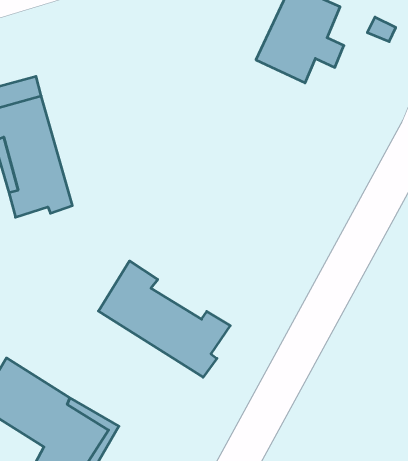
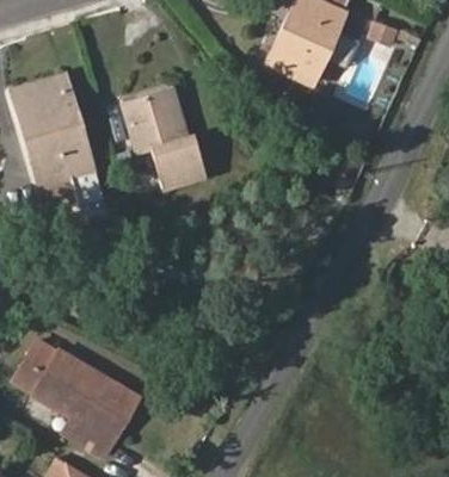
building: none -> [123,88,205,187]
building: [98,261,230,377] -> none

